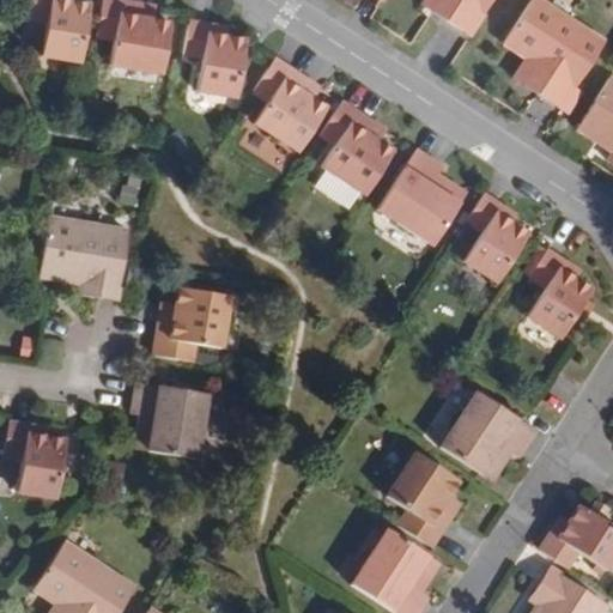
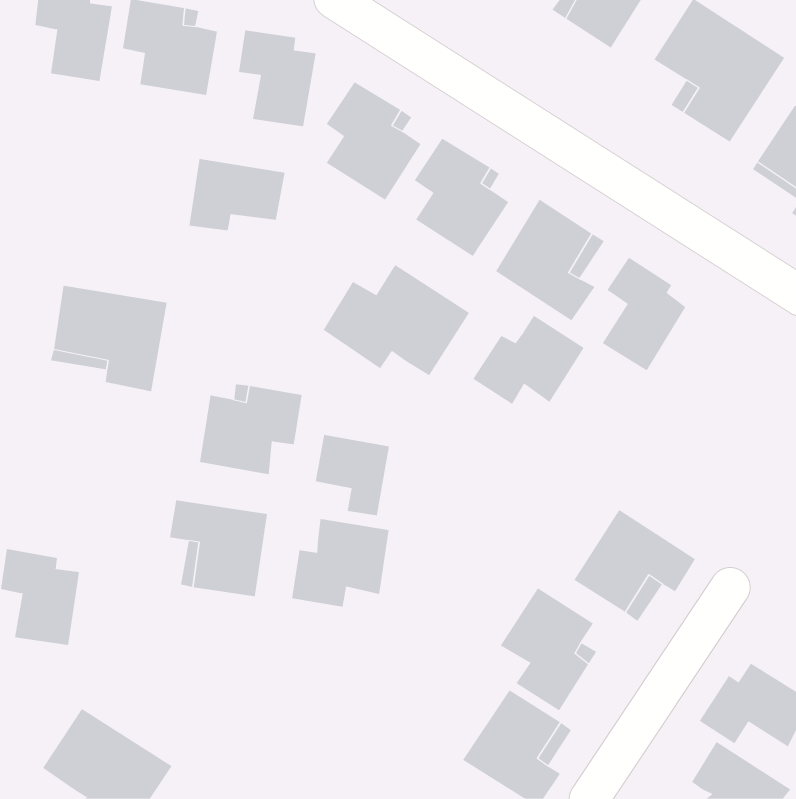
building: none -> [189,158,285,231]
building: none -> [323,264,470,376]
building: none -> [473,315,585,405]
building: [527,251,591,339] -> none
building: none -> [315,434,390,516]
building: none -> [292,518,389,607]

